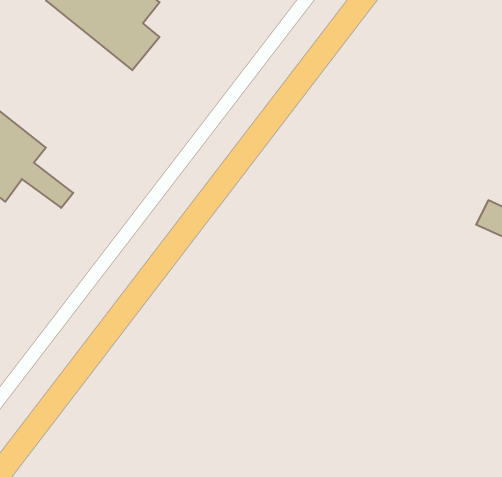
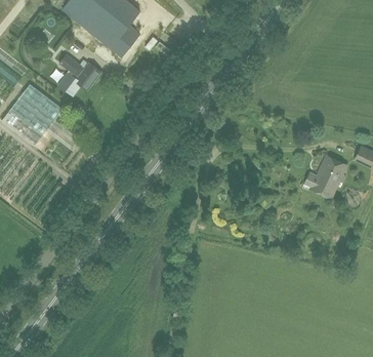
building: none -> [57,53,100,94]
building: none -> [303,154,346,198]

